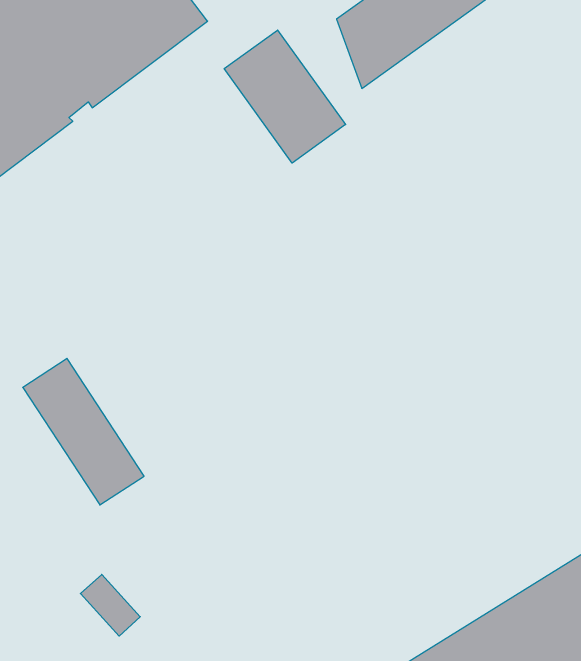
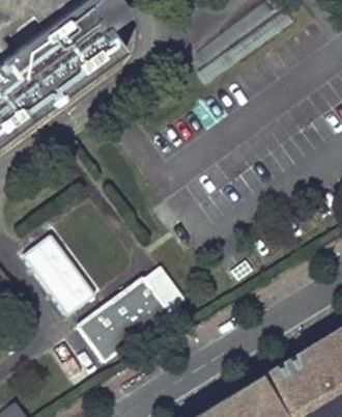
building: [224,30,346,163] -> none
building: none -> [78,269,182,358]

